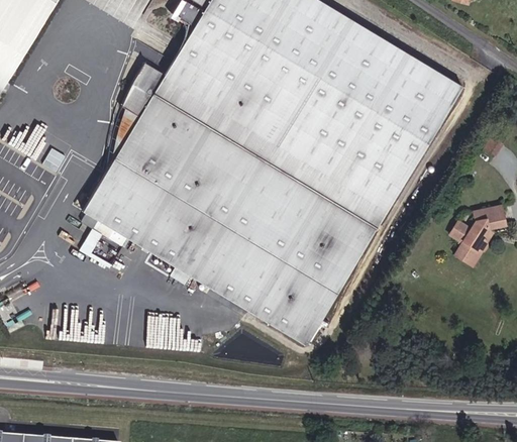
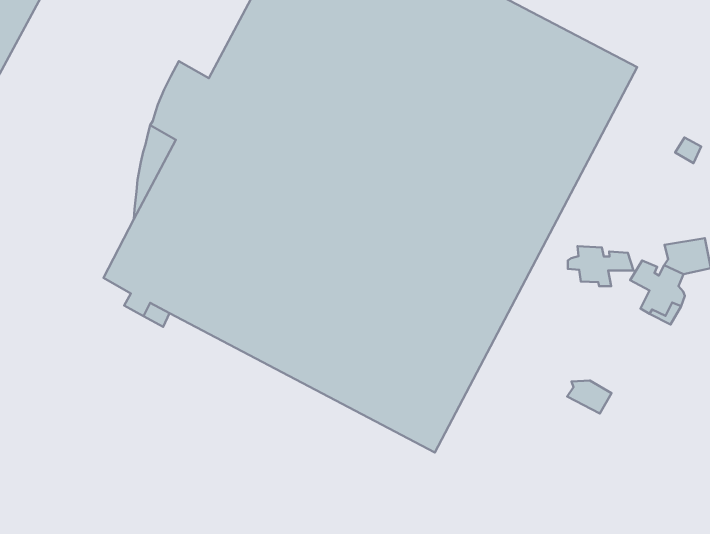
building: none -> [568,246,633,286]
building: none -> [567,381,612,414]

